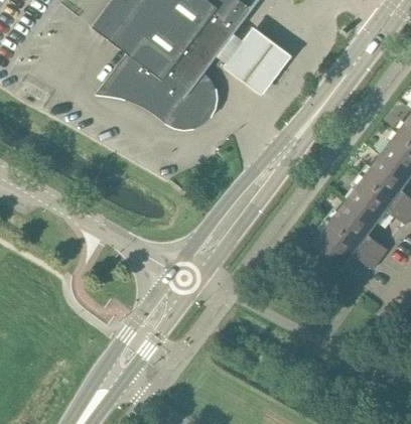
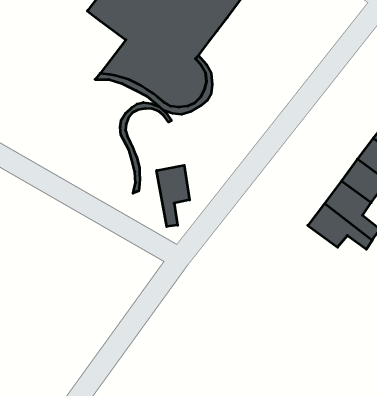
building: [214,28,289,98] -> none
building: none -> [120,102,171,193]
building: none -> [157,165,190,227]

